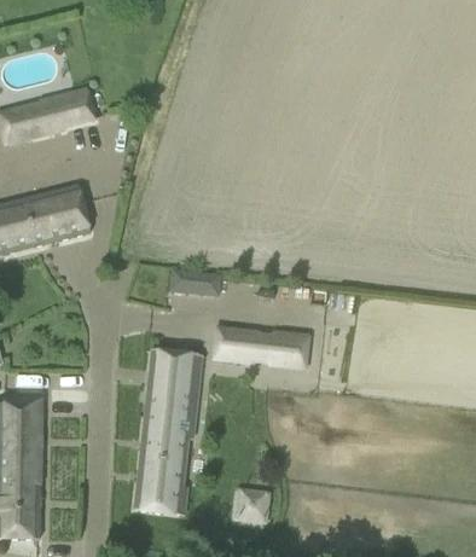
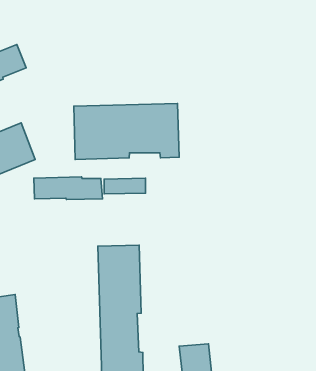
building: none -> [74,104,179,160]
building: none -> [34,177,103,200]
building: [215,326,309,369] -> none

